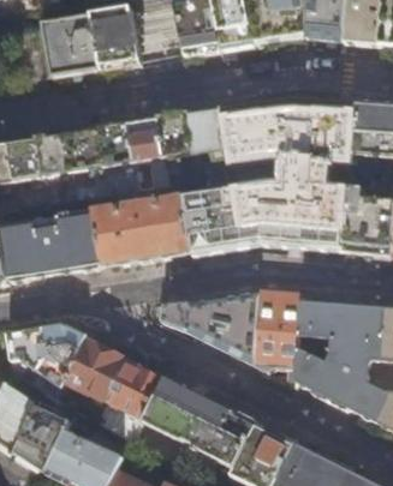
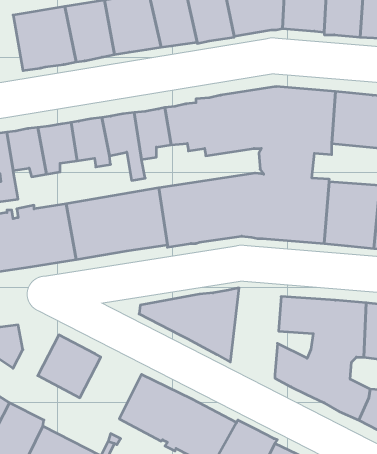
building: [250,292,299,376] -> none
building: [38,324,84,383] -> none
building: [103,359,162,419] -> none

